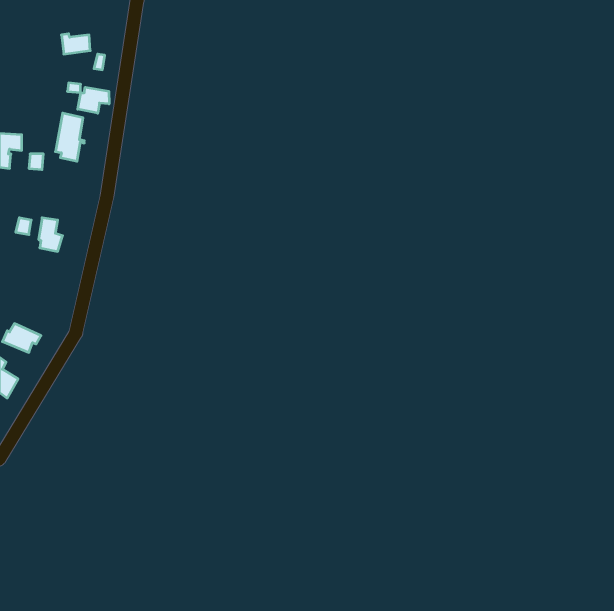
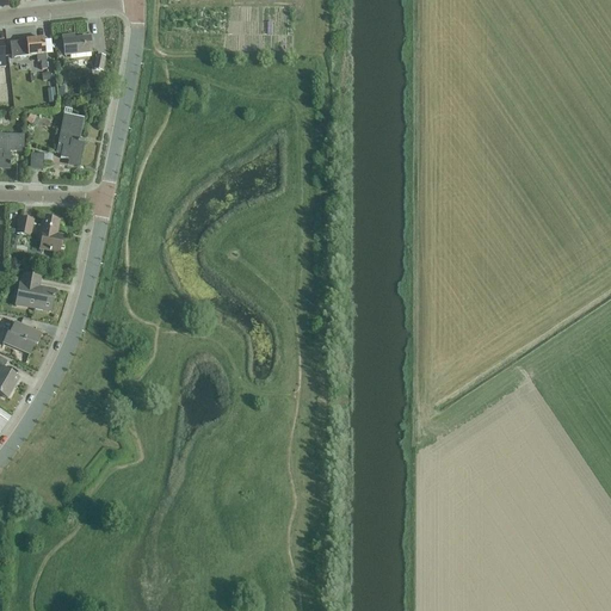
building: none -> [7,37,45,68]
building: [78,87,109,113] -> none
building: none -> [16,272,54,309]

